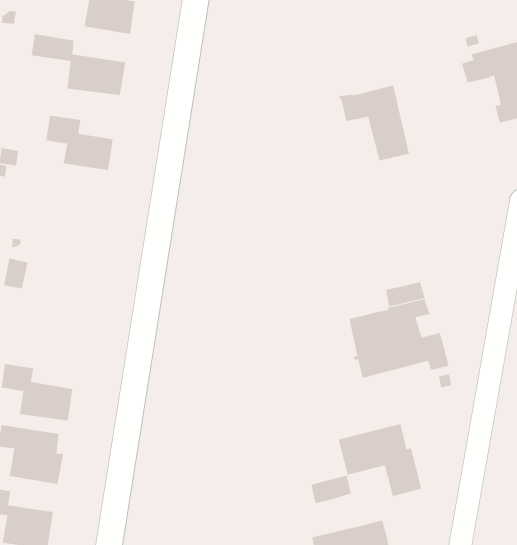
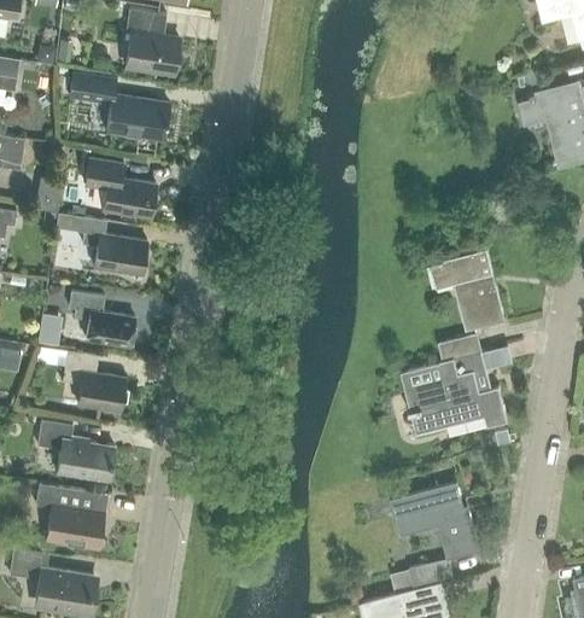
building: [339,85,410,161] -> [428,250,503,330]
building: none -> [56,214,146,275]
building: none -> [69,291,134,346]
building: none -> [62,351,125,412]
building: [310,475,352,504] -> [409,560,452,590]

